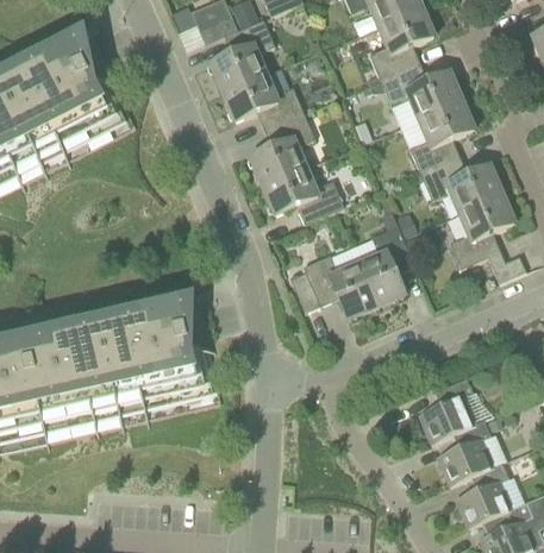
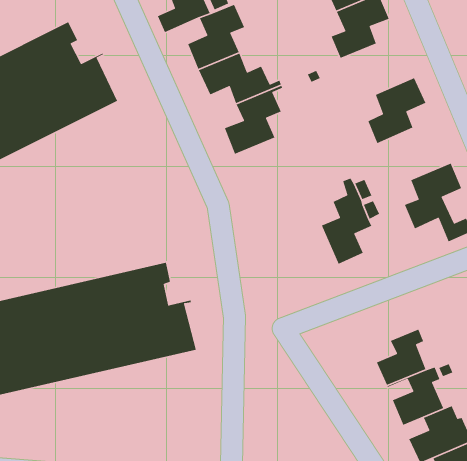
building: [369,61,461,124] -> none
building: [419,153,501,210] -> none
building: [262,164,343,220] -> none
building: [288,251,376,316] -> none

